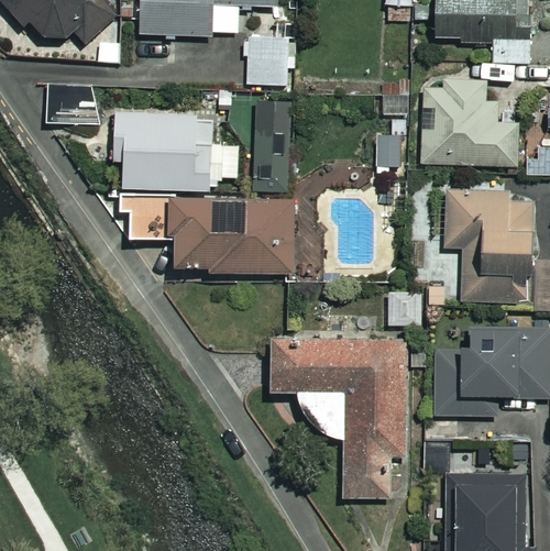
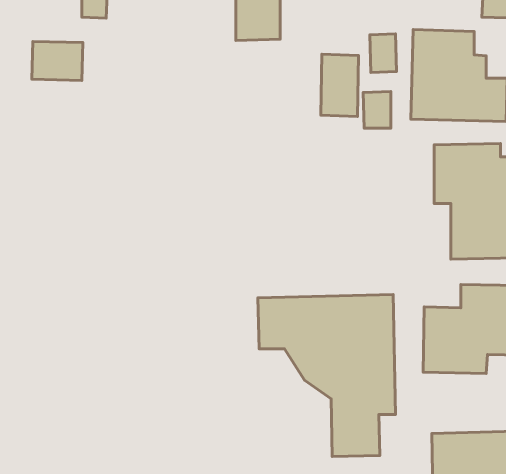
building: [114,111,238,189] -> none
building: [253,129,290,190] -> [321,54,359,116]
building: [128,199,292,273] -> none

